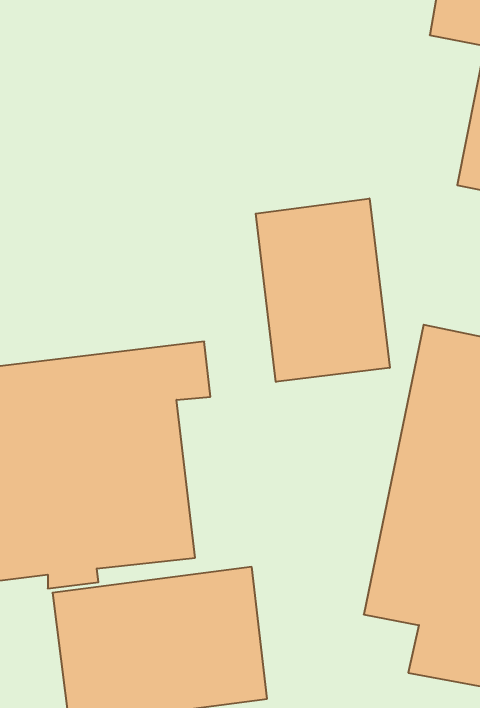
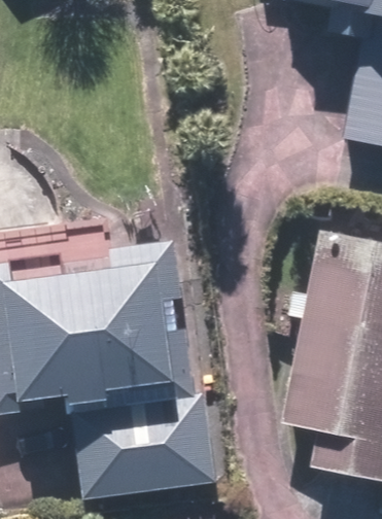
building: [256,198,390,382] -> none

